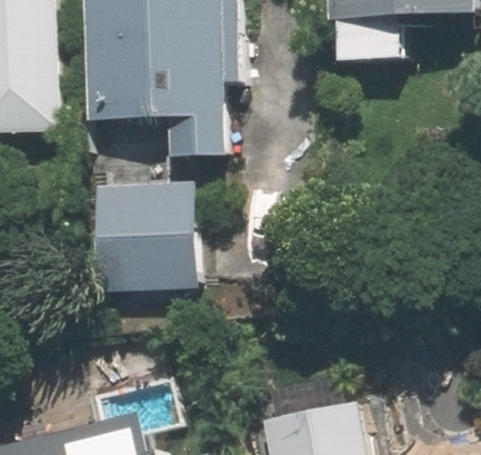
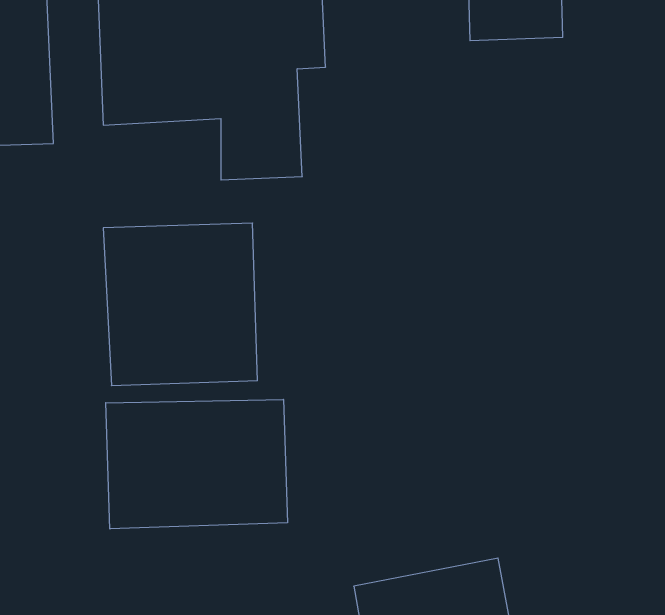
building: none -> [106,399,287,529]

